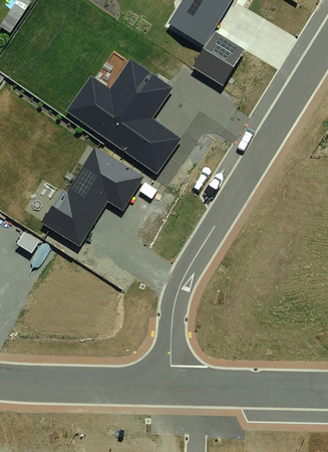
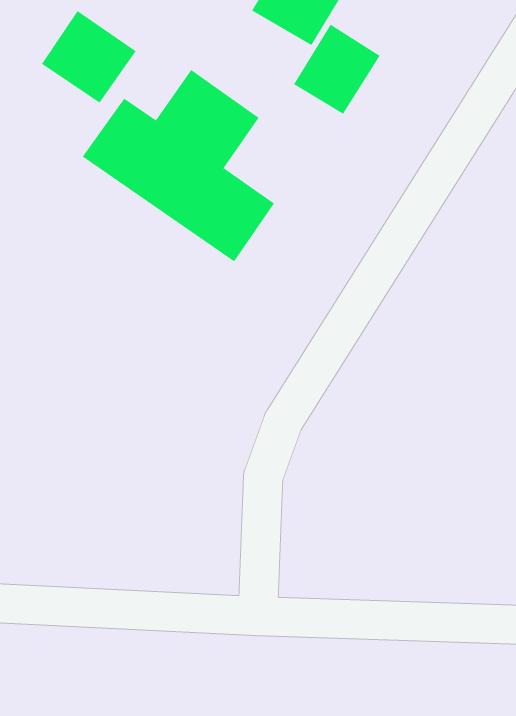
building: none -> [41,10,136,103]
building: [44,147,143,244] -> none

